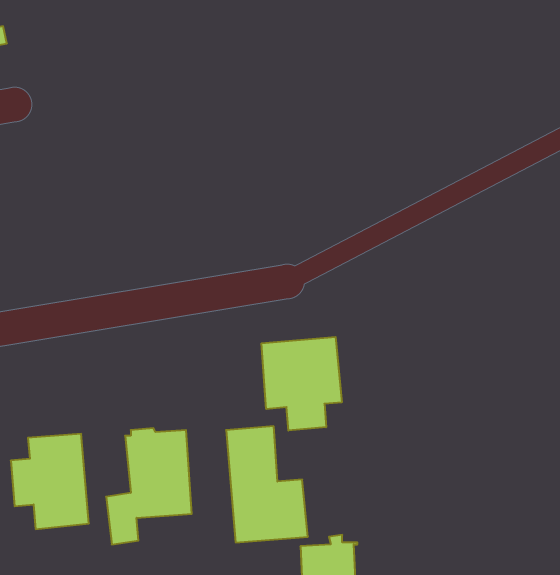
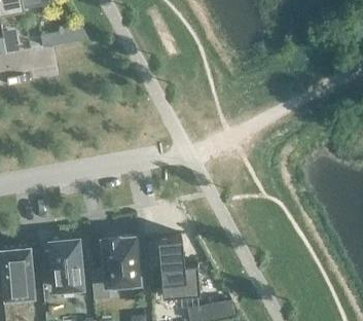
building: [262,337,342,431] -> none

